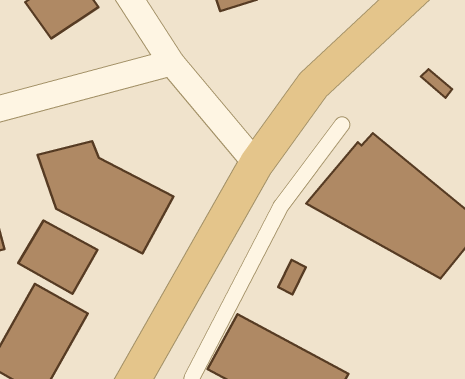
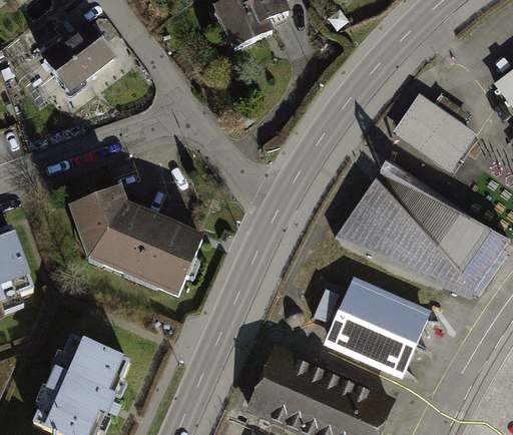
building: none -> [400,97,472,164]
building: [18,220,97,294] -> none
building: none -> [331,282,428,369]

